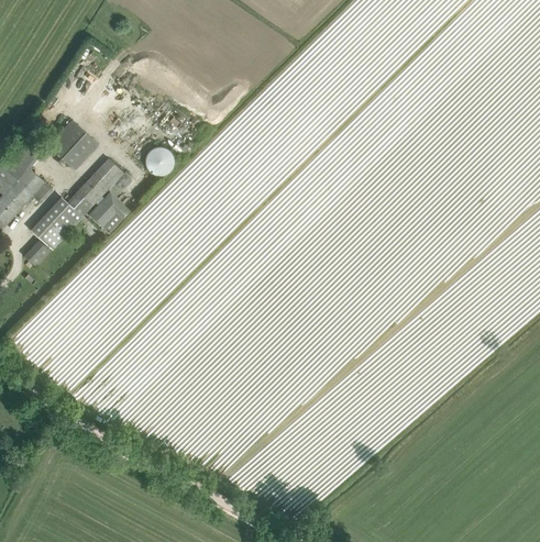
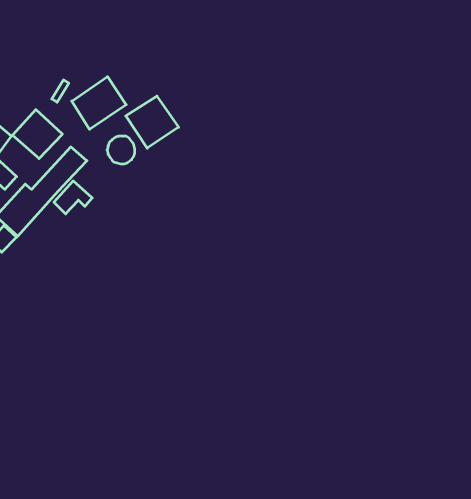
building: none -> [72,77,126,129]
building: none -> [126,96,179,148]

